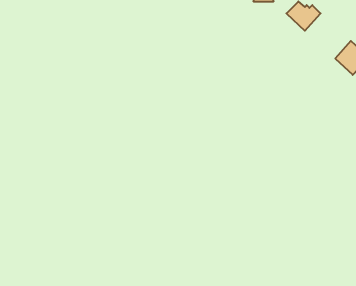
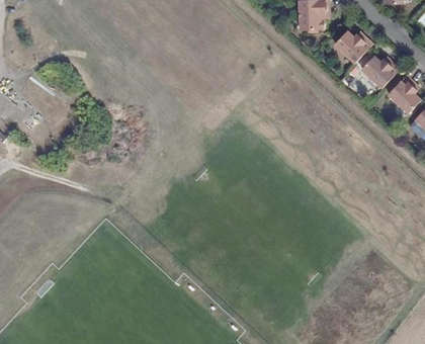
building: none -> [361,54,400,87]

